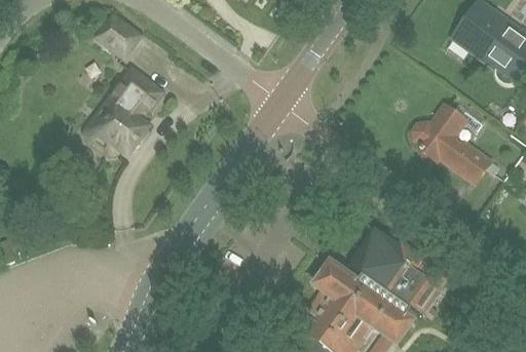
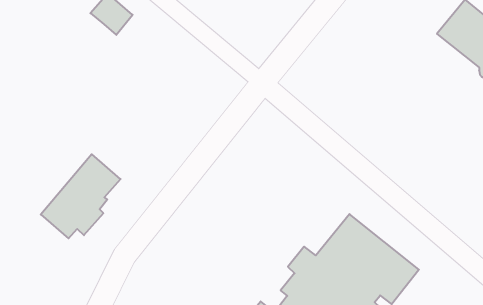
building: [84,71,163,158] -> [41,154,121,238]
building: [413,104,490,183] -> none

